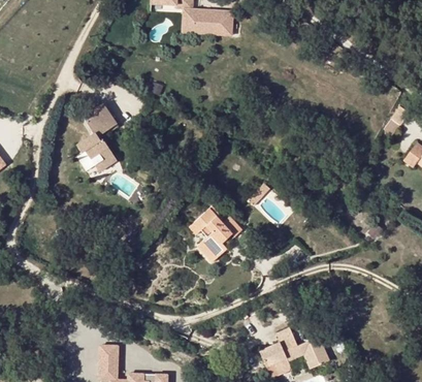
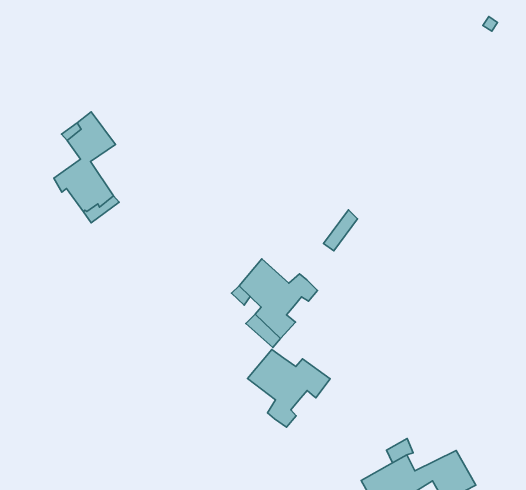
building: none -> [248,350,330,427]

